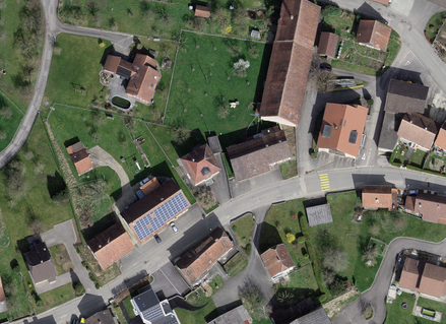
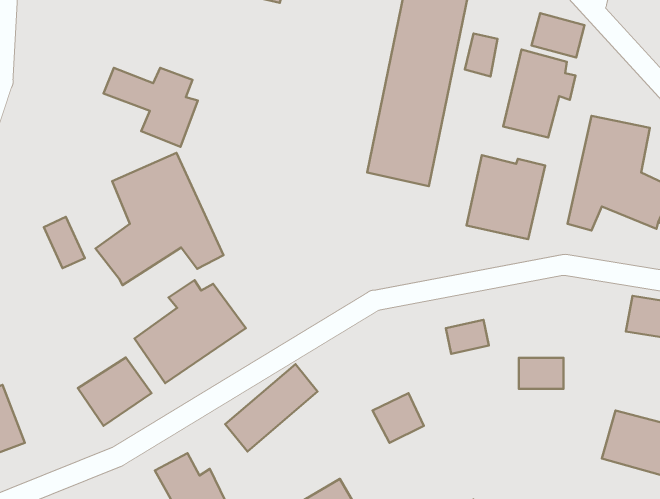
building: none -> [503,50,576,138]
building: none -> [95,153,223,285]
building: [228,127,291,181] -> none
building: [182,149,218,185] -> none
building: [364,188,390,206] -> [519,358,563,389]

